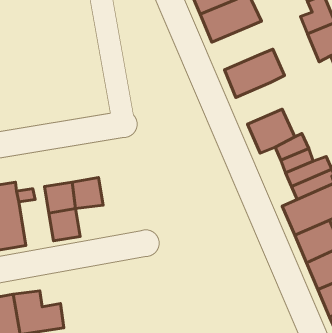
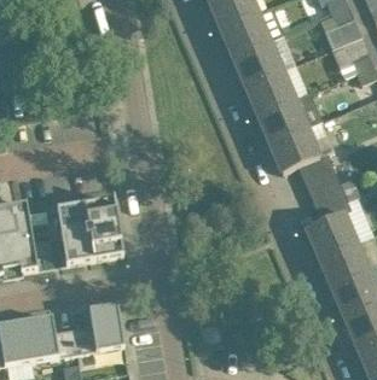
building: none -> [231,33,295,83]
building: none -> [256,97,304,140]
building: none -> [88,224,122,257]
building: none -> [72,303,123,352]

